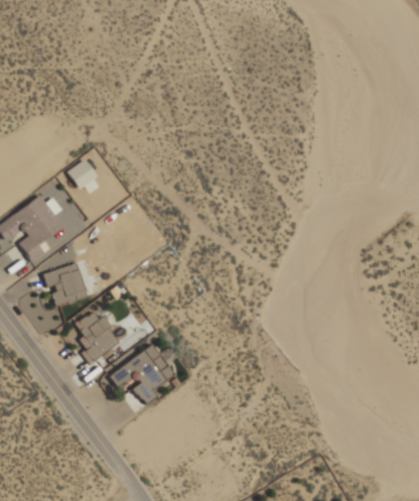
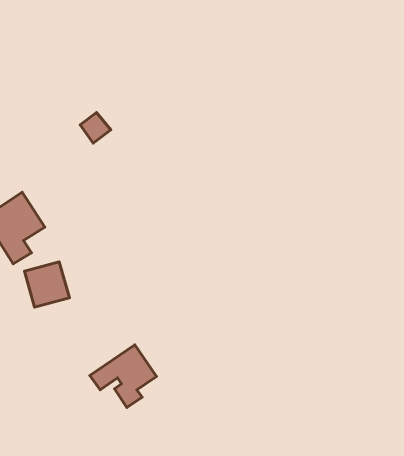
building: [67,160,98,191] -> [80,113,111,143]
building: [73,307,121,364] -> none

